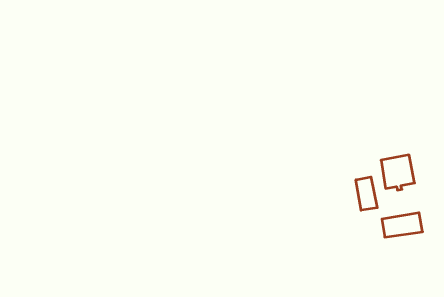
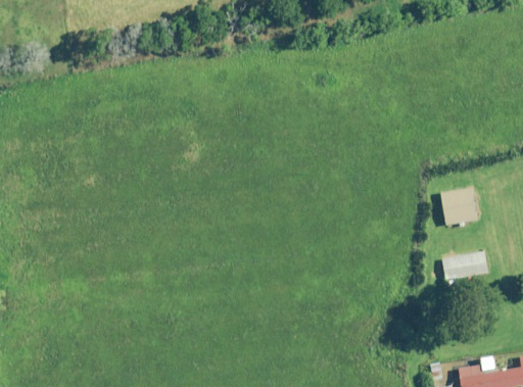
building: [356,177,377,210] -> none

